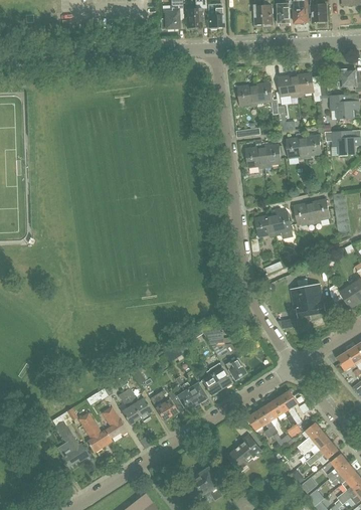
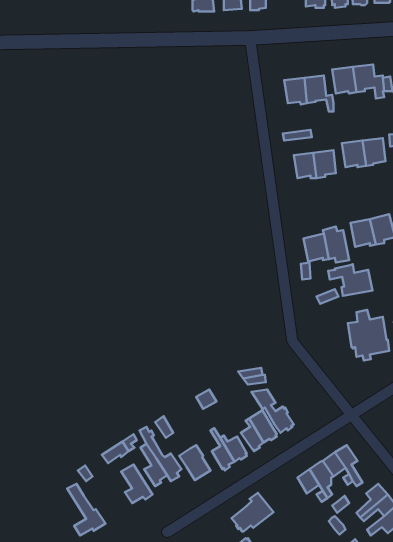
building: none -> [328,264,372,296]
building: [78,412,112,451] -> none
building: [227,435,262,467] -> [231,493,274,531]

